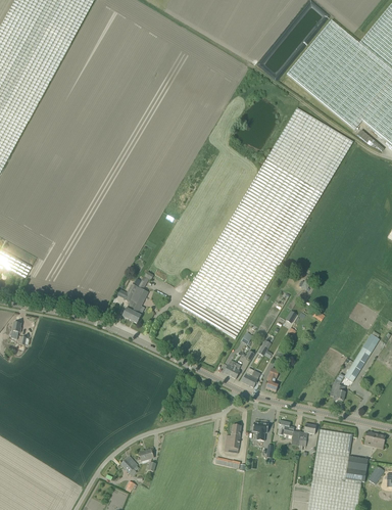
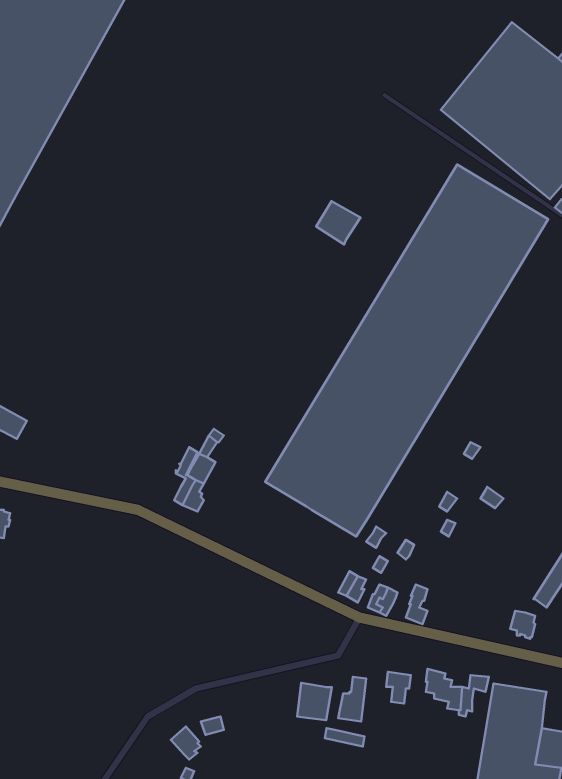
building: none -> [316,201,360,244]
building: none -> [297,683,332,720]

